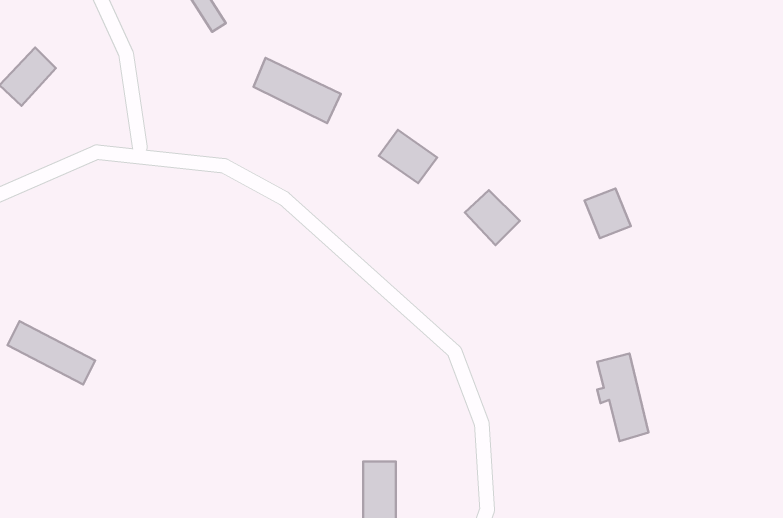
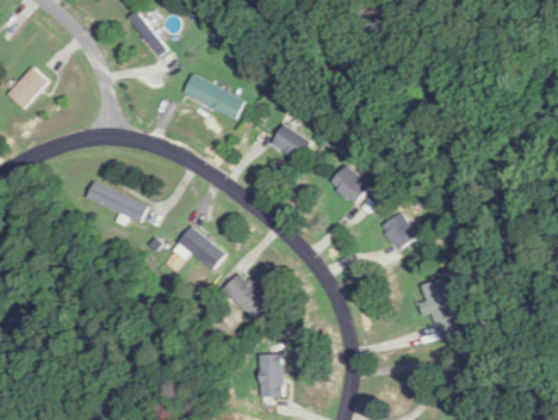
building: [584,188,631,238] -> [380,214,413,248]
building: none -> [178,227,223,270]
building: [7,321,95,385] -> [87,179,148,223]
building: none -> [223,272,267,317]

